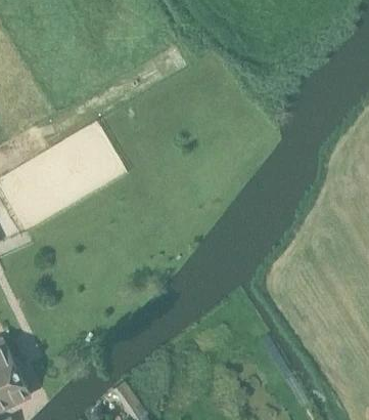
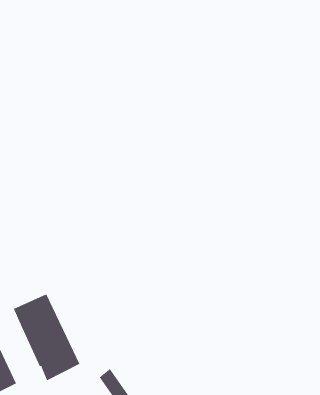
building: none -> [13,293,80,381]

